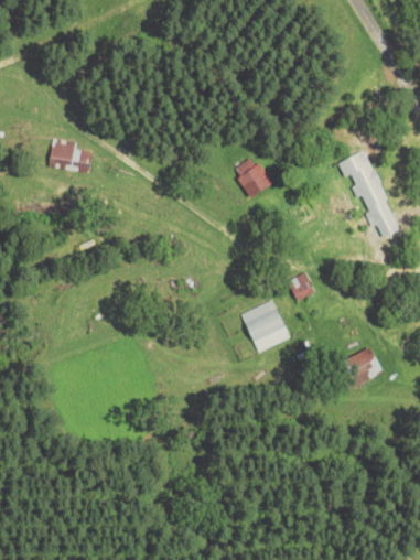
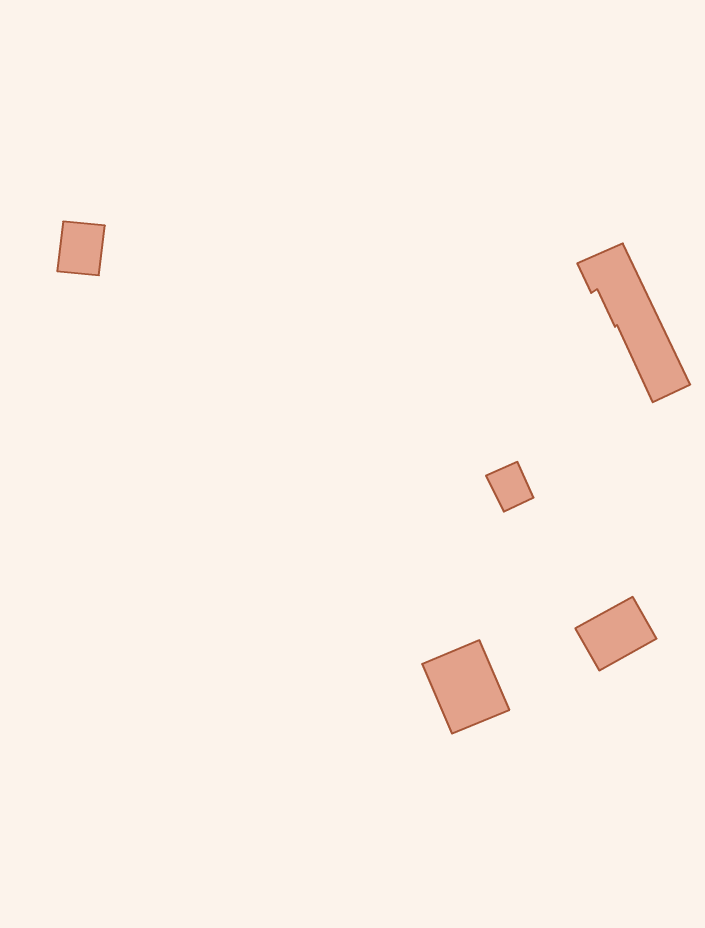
building: [234,155,273,197] -> none
building: [241,300,290,352] -> [422,640,509,734]

